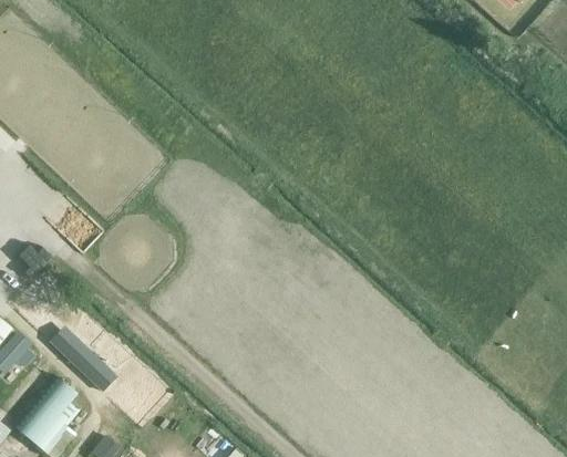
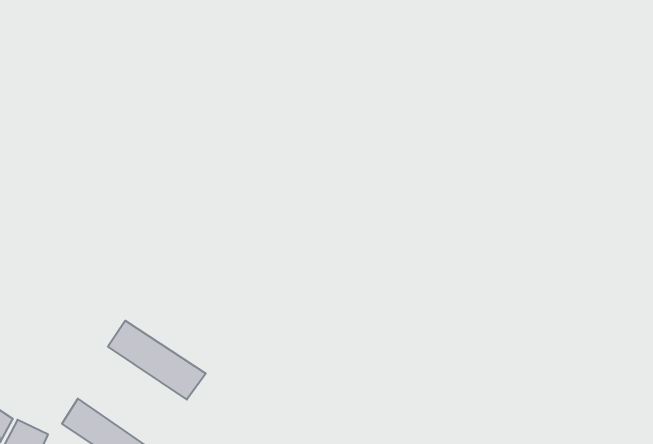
building: none -> [108,321,206,400]

